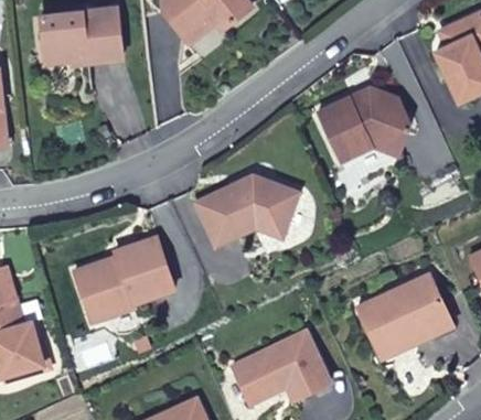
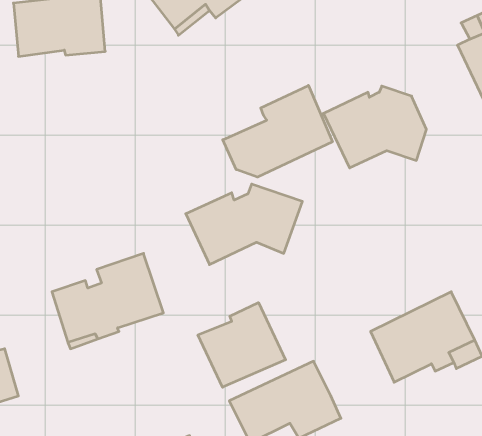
building: none -> [223,85,332,177]
building: none -> [198,303,286,387]

